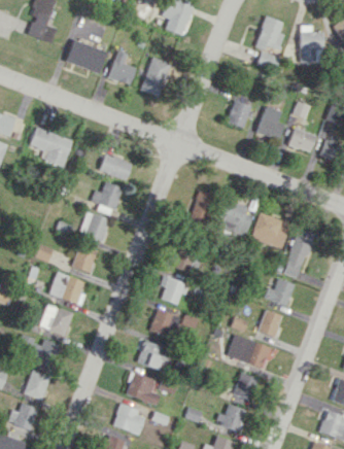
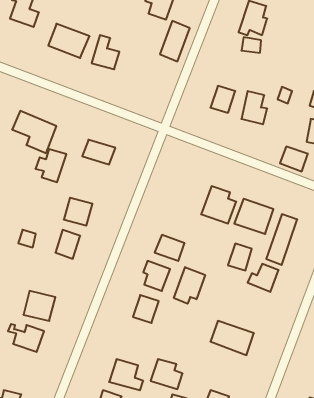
building: [300,25,323,62] -> none
building: [140,57,170,97] -> [160,21,190,61]
building: [287,128,315,152] -> [280,147,308,171]
building: [91,182,122,215] -> [35,149,66,182]
building: [187,189,214,228] -> none
building: [49,273,83,303] -> none
building: none -> [174,267,205,304]
building: [257,310,281,337] -> [228,244,252,270]
building: [137,341,169,371] -> [151,359,183,389]
building: [24,370,49,400] -> none
building: [233,373,257,400] -> none

